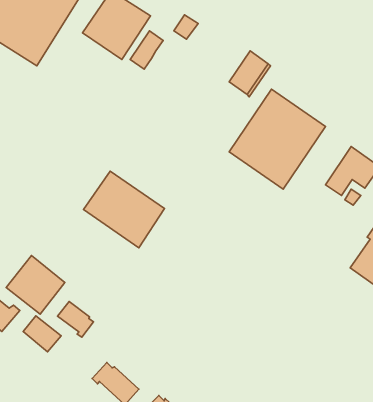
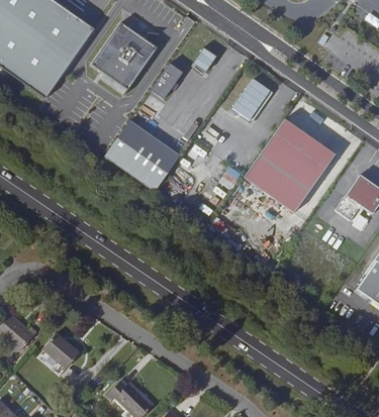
building: [84,171,164,248] -> [98,120,175,193]
building: [6,255,65,314] -> none
building: [58,302,93,337] -> none

